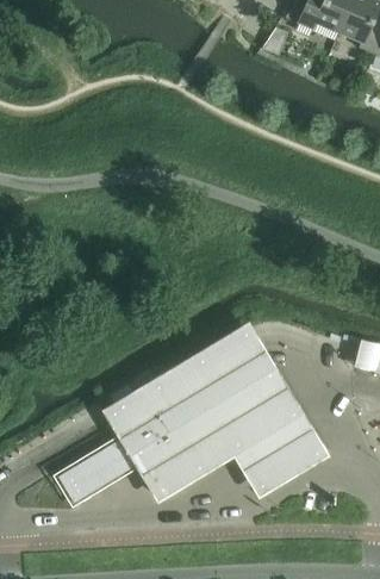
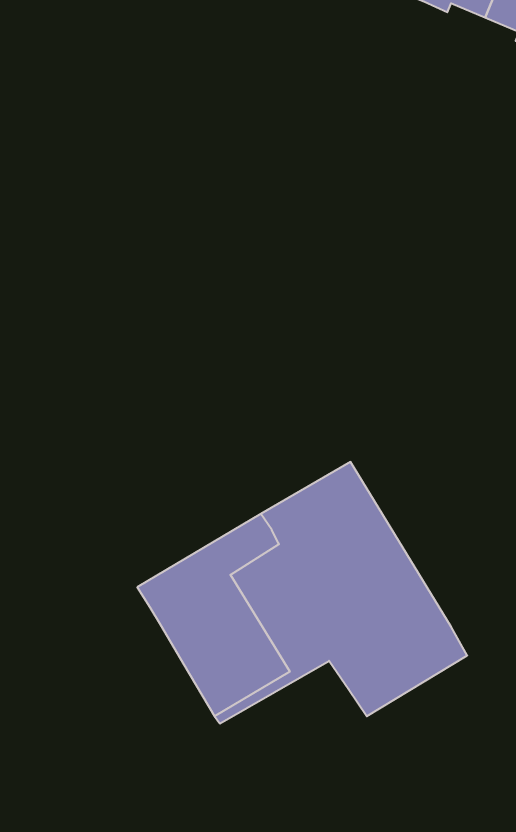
building: [55,435,137,503] -> none

